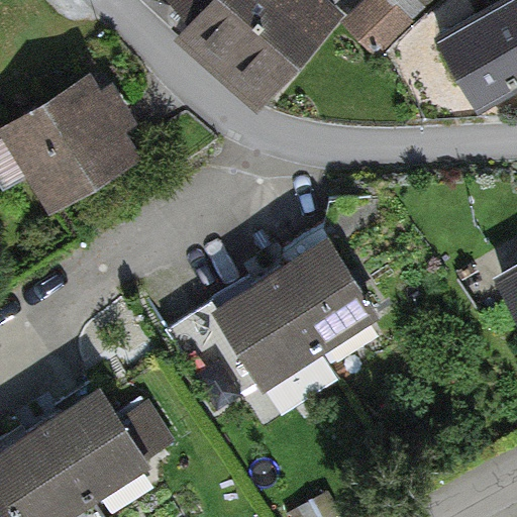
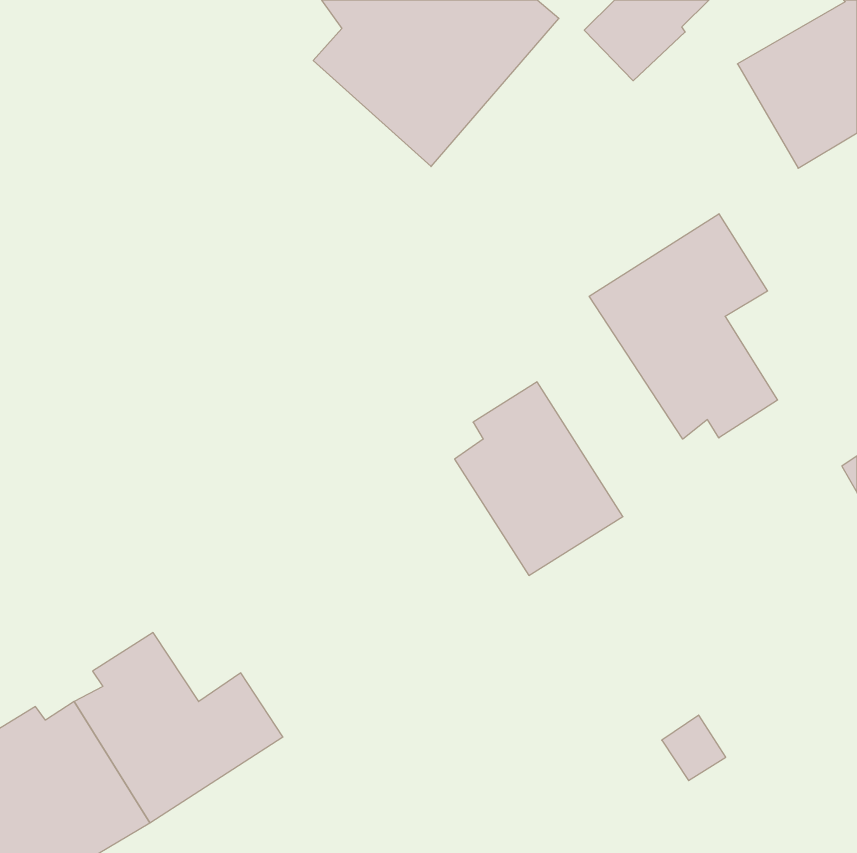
building: [9,83,129,203] -> none
building: none -> [589,214,778,439]
building: [208,279,331,399] -> none

